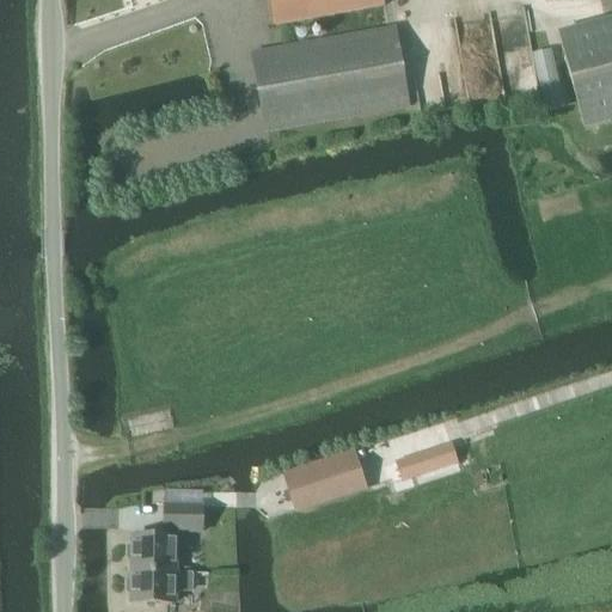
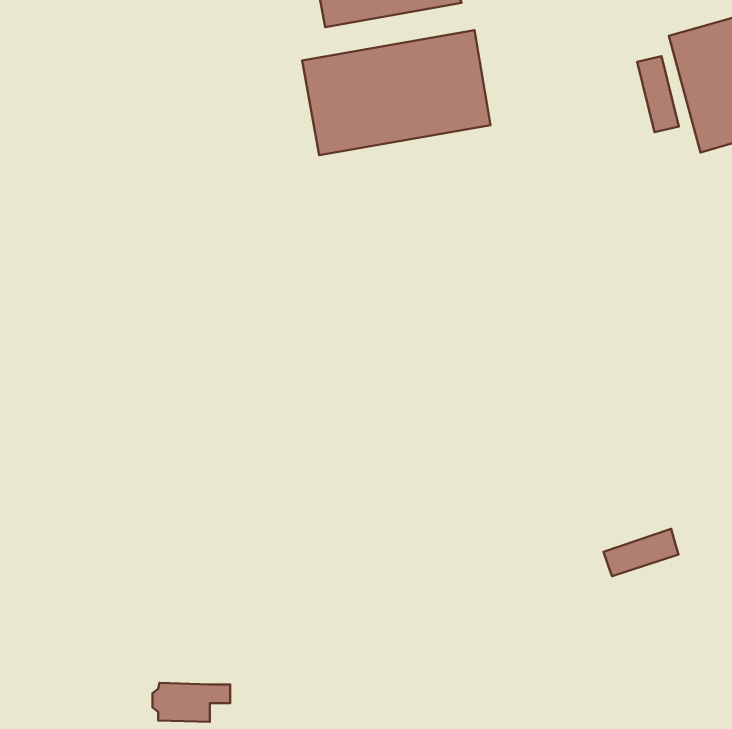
building: [396,440,458,479] -> [604,529,678,576]
building: [286,449,365,503] -> none
building: [130,502,206,569] -> none

